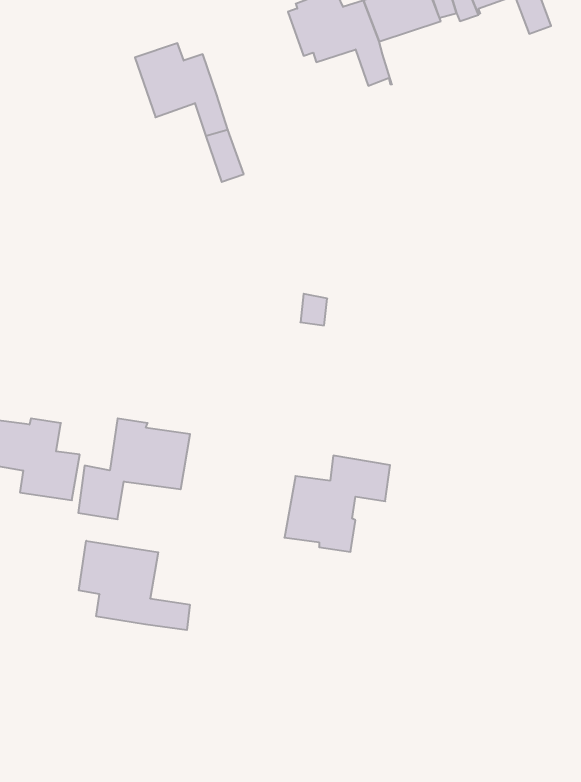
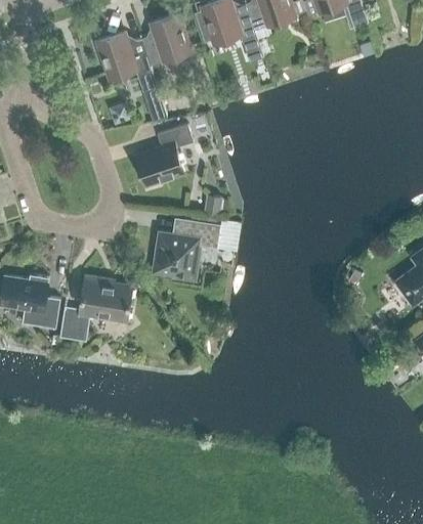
building: none -> [140,13,191,66]
building: none -> [134,124,193,185]
building: [284,456,390,552] -> [152,219,220,281]
building: [79,541,190,630] -> none

